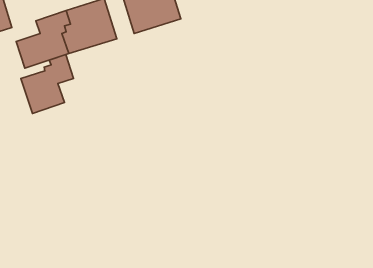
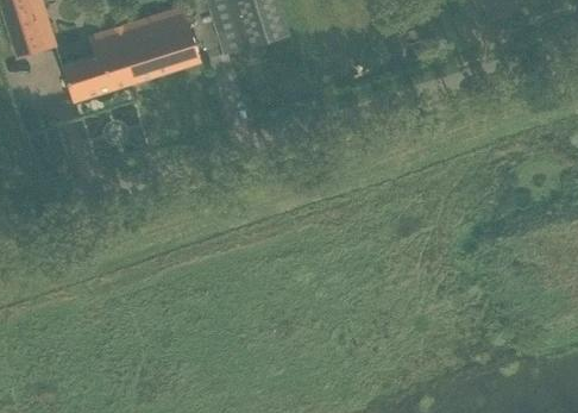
building: [21,54,73,113] -> none

